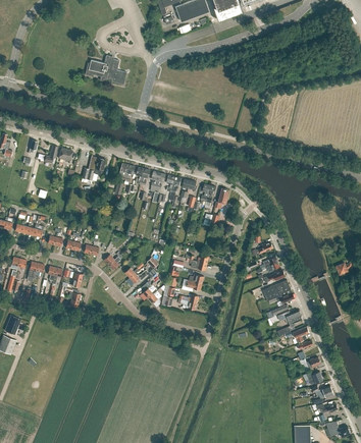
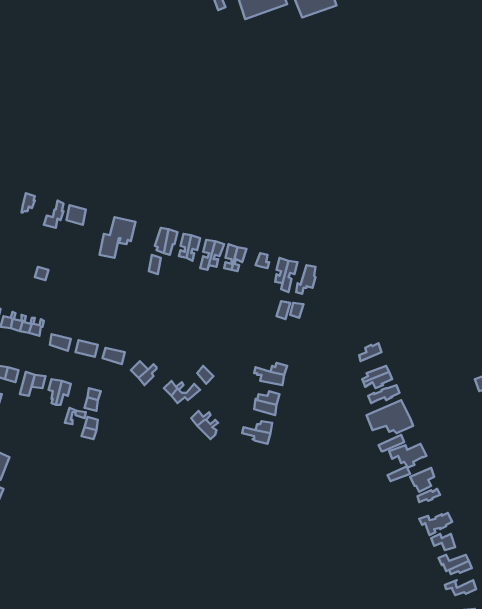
building: [86,55,126,84] -> none

